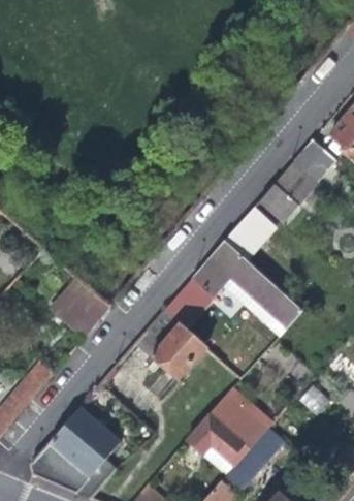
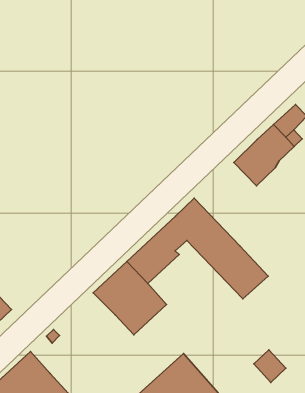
building: [224,202,284,283] -> none
building: [53,279,110,338] -> none

